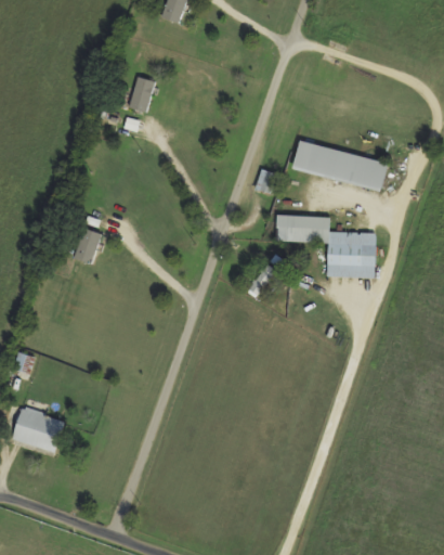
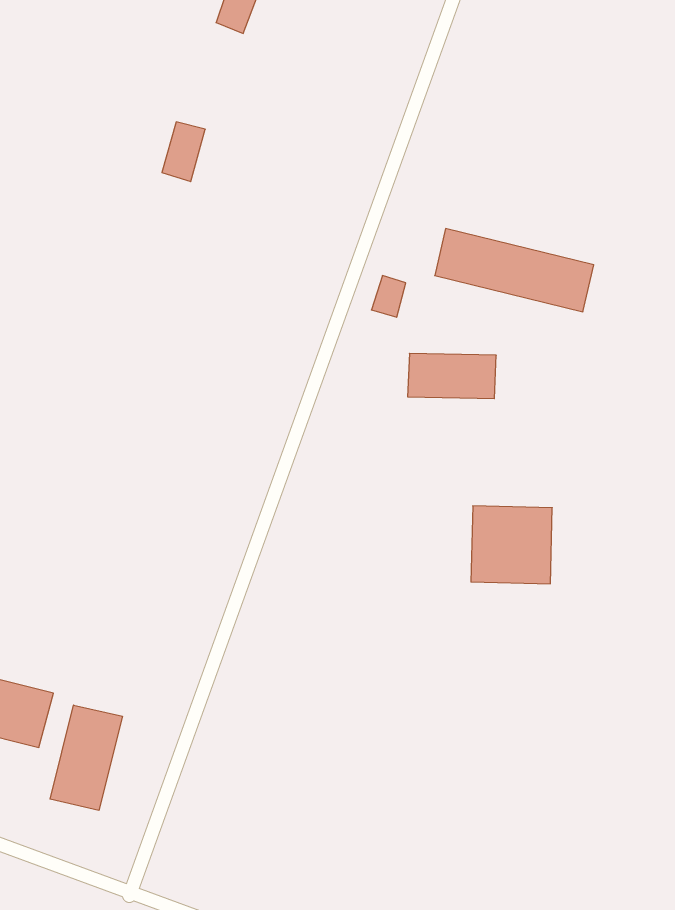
building: [75,228,101,263] -> none
building: [327,231,376,278] -> [471,506,552,584]
building: none -> [50,705,122,810]

